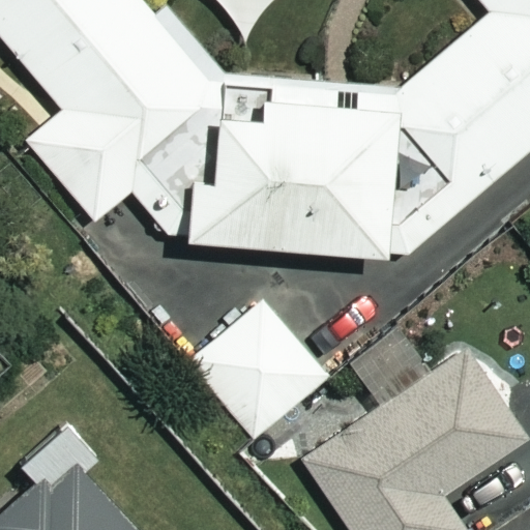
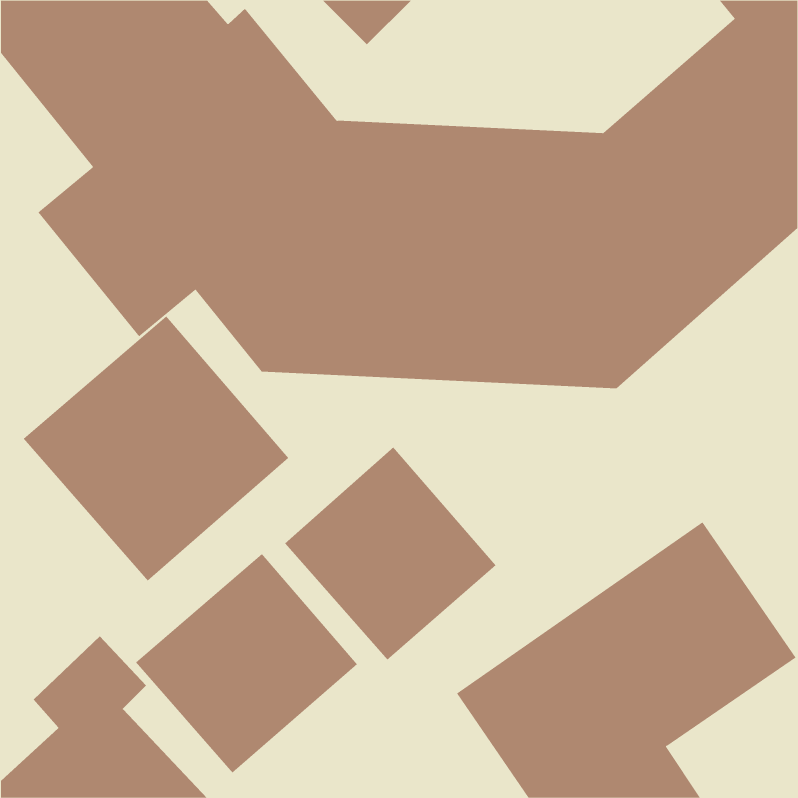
building: none -> [23,316,289,581]
building: none -> [135,553,358,773]

